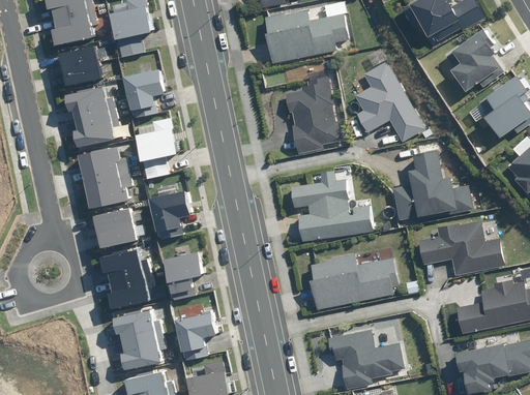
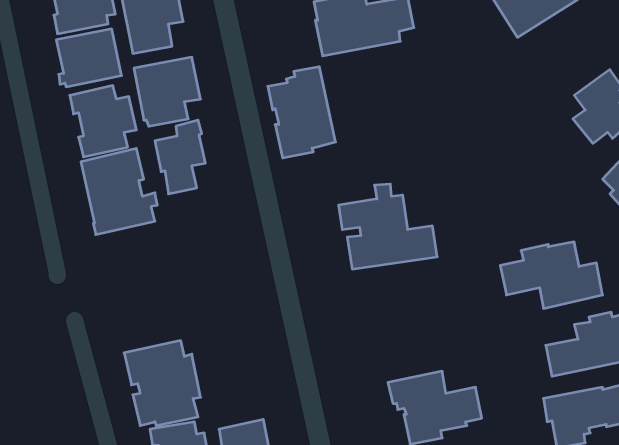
building: [445,28,503,91] -> none
building: [351,61,421,142] -> none
building: [287,77,344,153] -> [268,67,336,158]
building: [393,145,479,222] -> none
building: [147,189,189,239] -> none
building: [88,203,141,251] -> none
building: [95,250,144,309] -> none
building: [163,251,202,300] -> none
building: [305,253,395,310] -> none
building: [175,310,216,351] -> none

